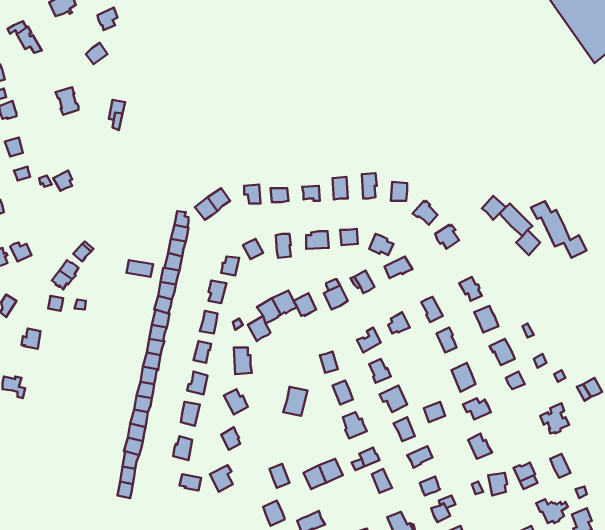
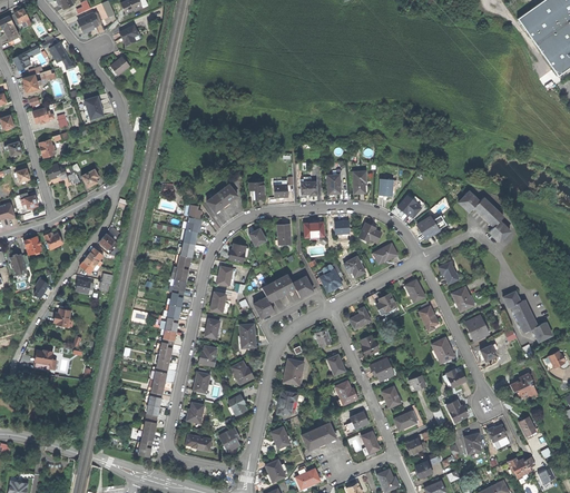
building: [531,201,587,258] -> [502,292,551,342]
building: none -> [276,390,305,415]

